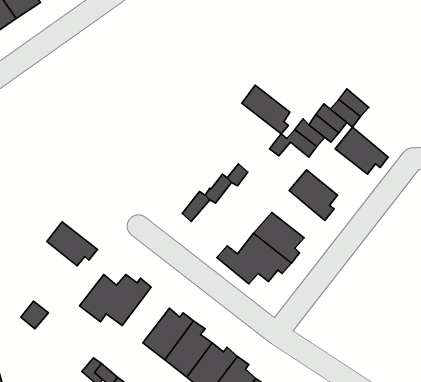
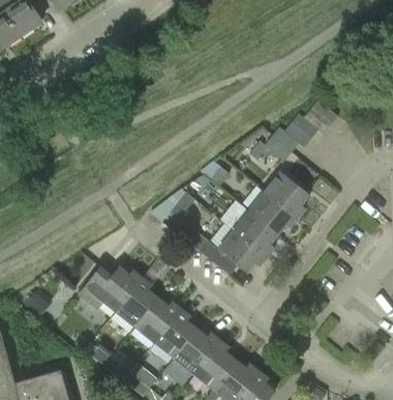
building: [242,85,290,134] -> none
building: [335,127,388,174] -> [250,191,298,233]
building: [47,222,98,266] -> none
building: none -> [116,278,158,327]

